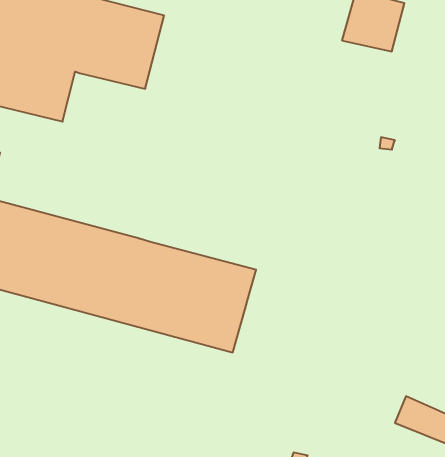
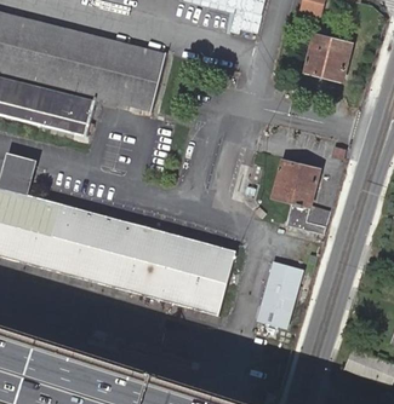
building: none -> [272,158,330,235]
building: none -> [255,261,303,330]

